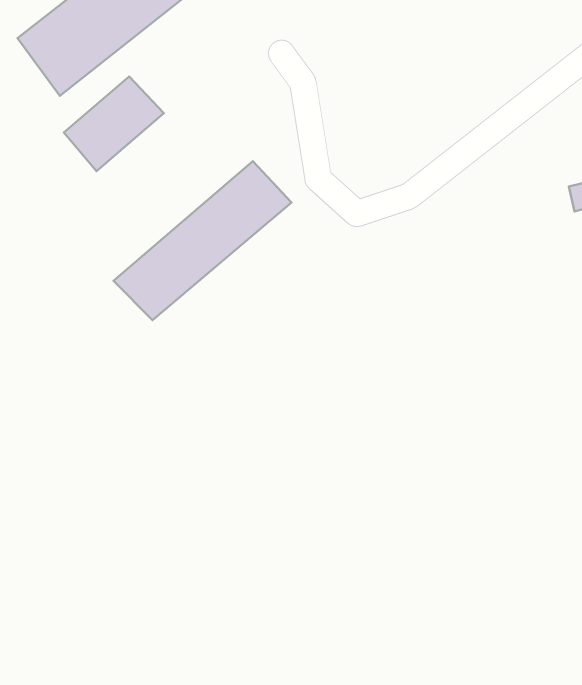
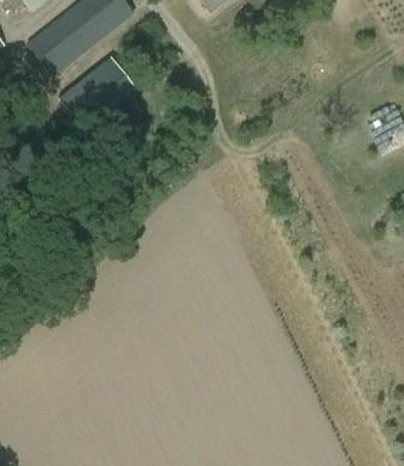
building: [113,161,291,320] -> none

